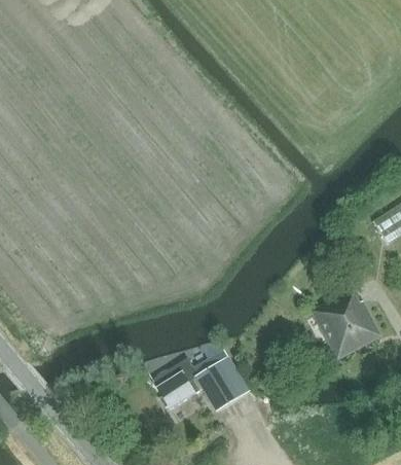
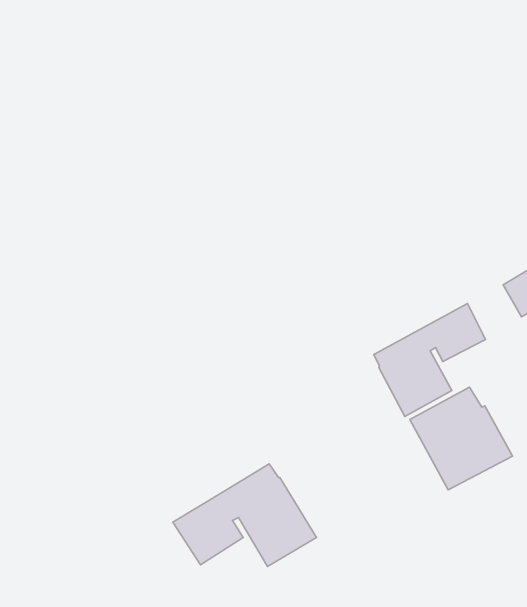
building: none -> [374,303,486,416]

